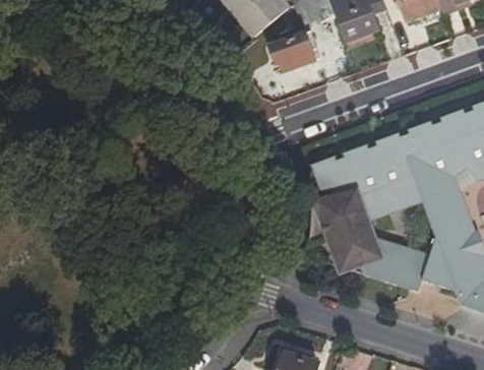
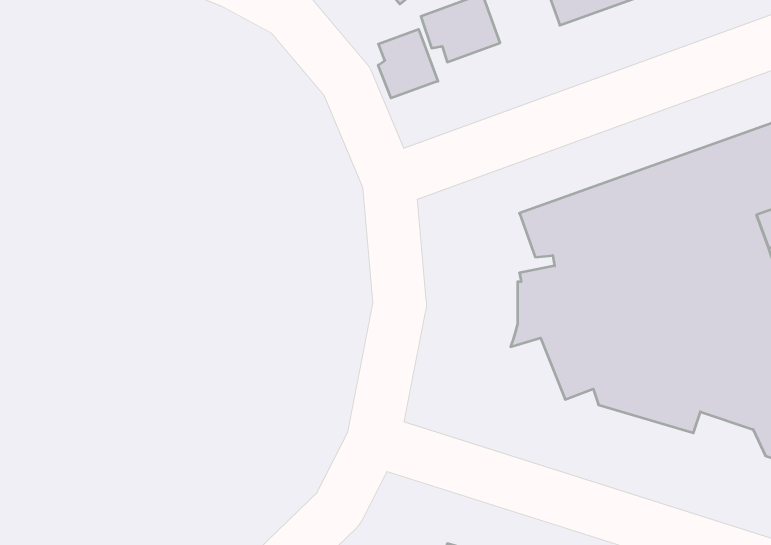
building: none -> [378,29,438,98]

